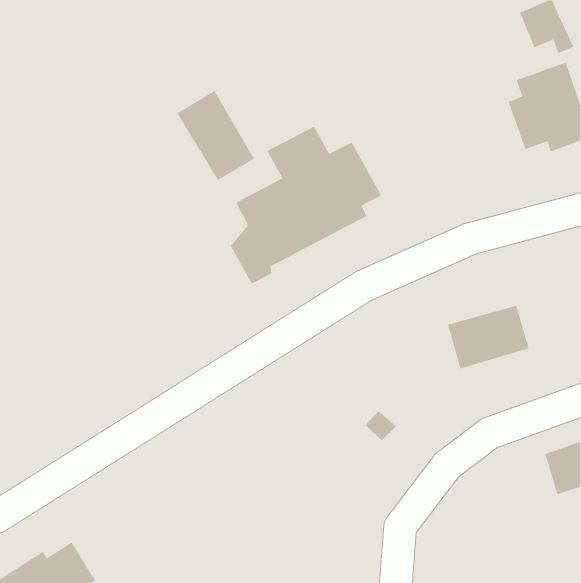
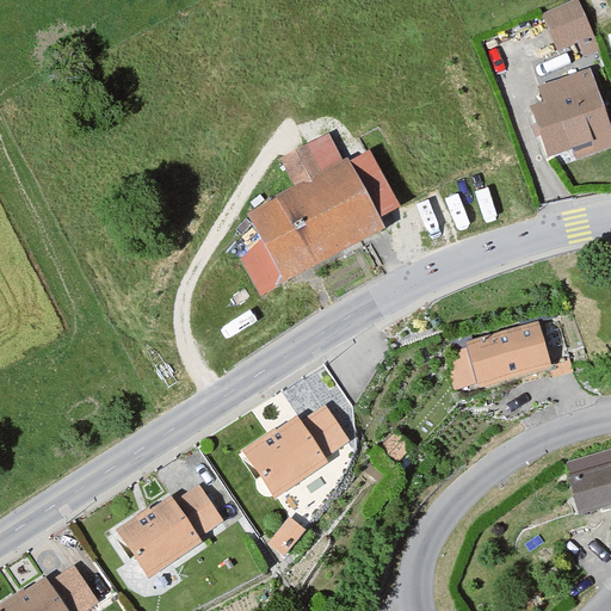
building: [177,90,255,181] -> none
building: none -> [240,405,352,498]
building: none -> [118,483,226,576]

